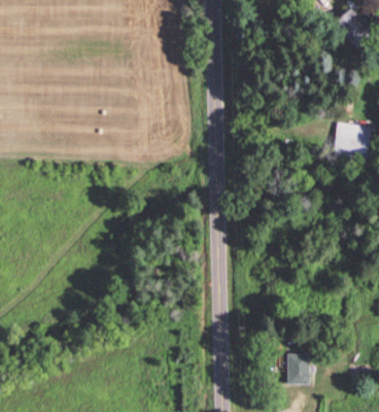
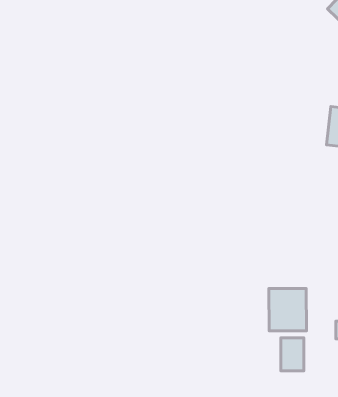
building: none -> [269,289,306,331]

